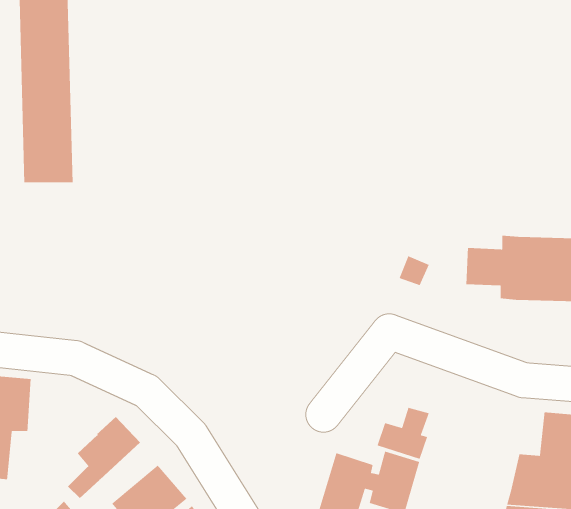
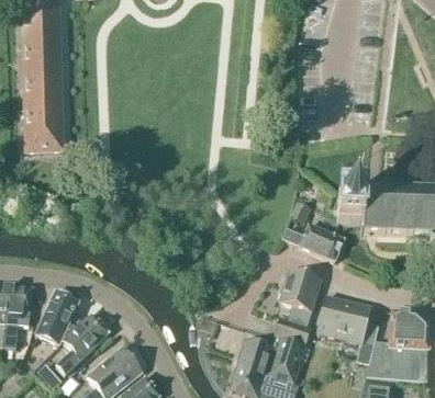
building: none -> [281,224,344,261]
building: none -> [279,269,322,311]
building: none -> [36,289,79,343]
building: none -> [317,295,379,364]

